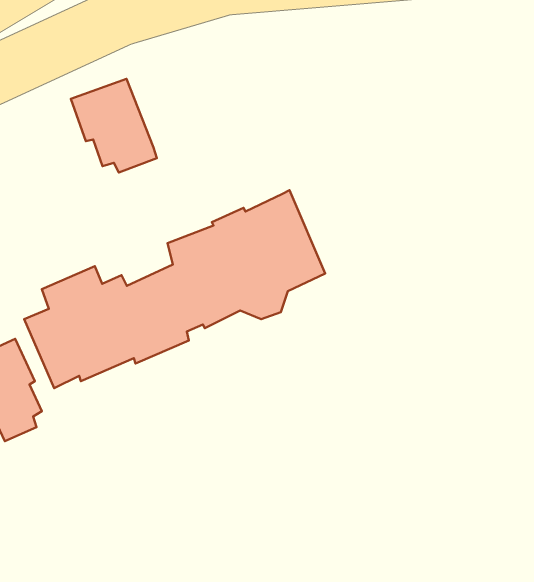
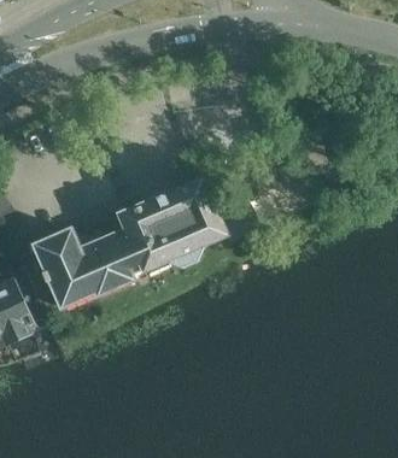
building: [71,79,157,173] -> none

